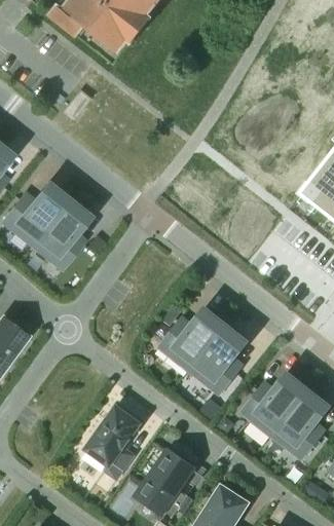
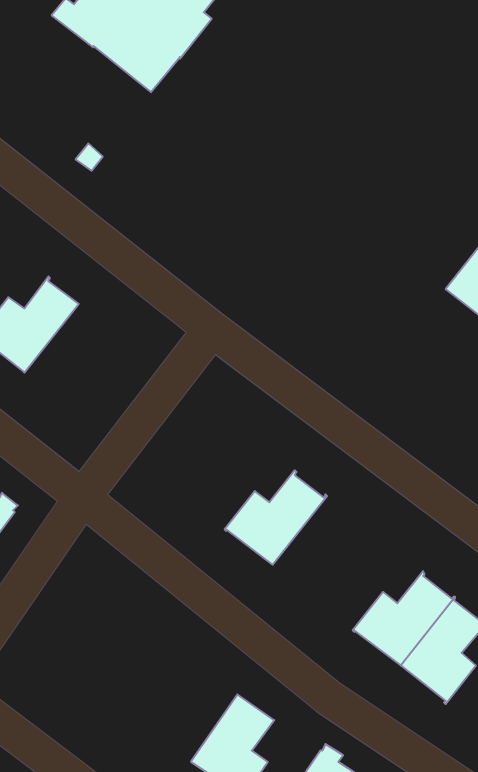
building: [31,200,87,268] -> none
building: [190,324,245,392] -> none
building: [84,405,139,479] -> none

